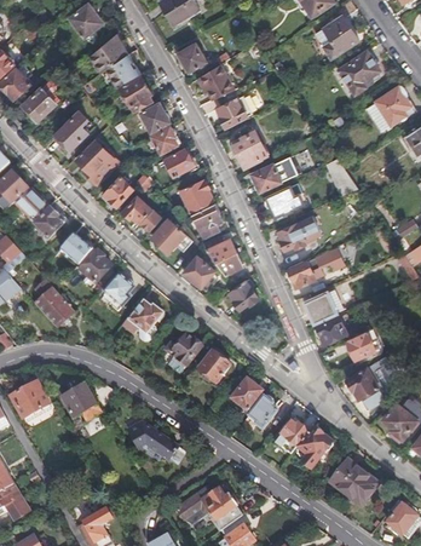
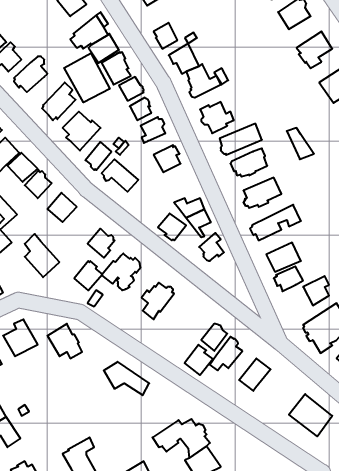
building: none -> [64,53,110,102]
building: [191,203,221,237] -> none
building: [151,220,191,253] -> none
building: [79,249,110,282] -> [74,261,102,290]
building: [198,347,230,381] -> [185,345,213,375]
building: [292,424,331,467] -> none

